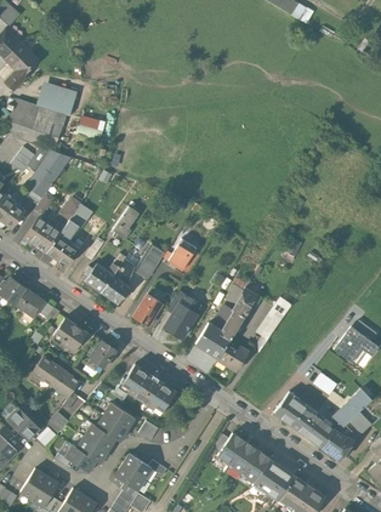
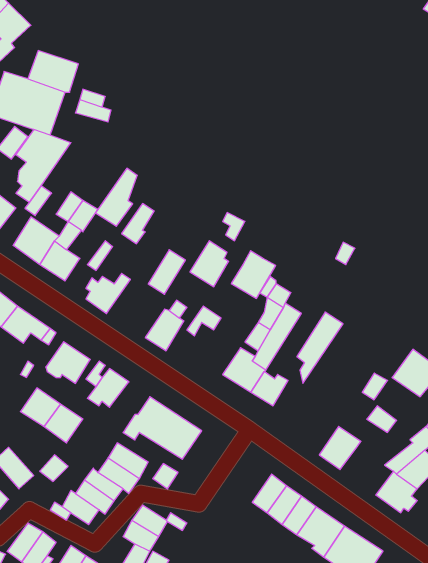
building: [101,261,135,308] -> [96,168,137,226]
building: [163,305,199,343] -> [231,251,276,298]
building: [291,405,335,445] -> none

